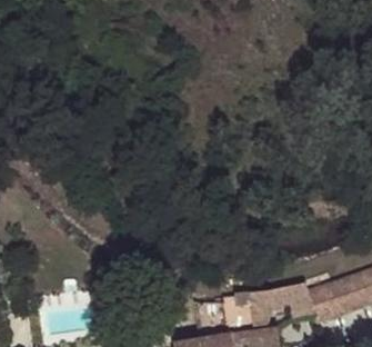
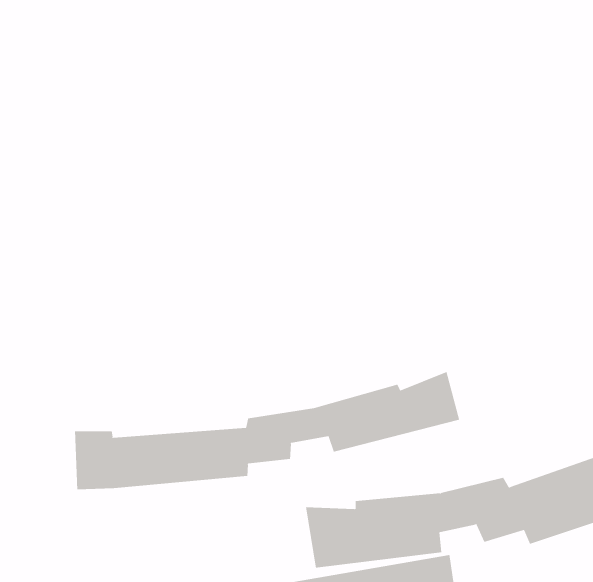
building: none -> [74,371,460,490]

